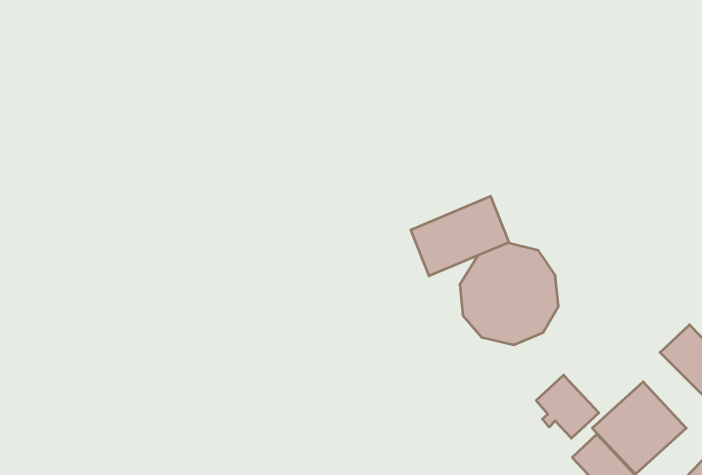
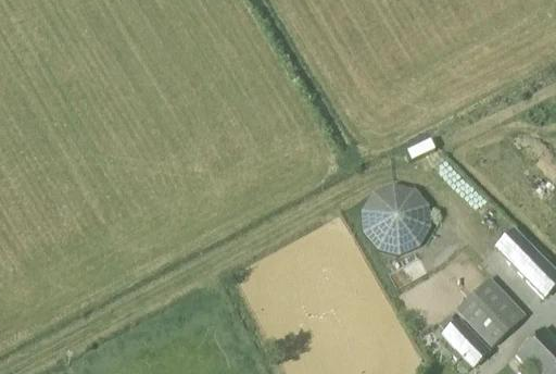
building: [411,196,509,276] -> none
building: [536,375,599,438] -> none

